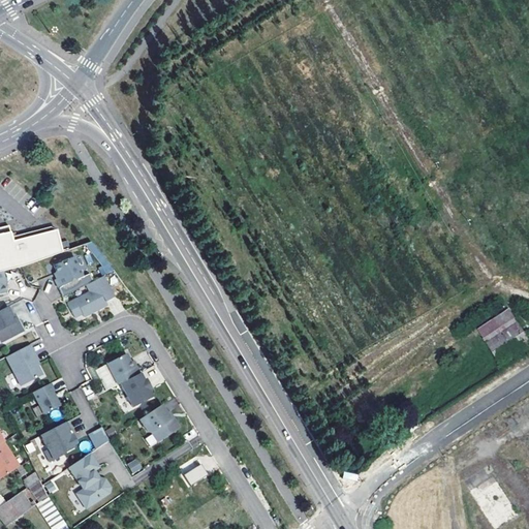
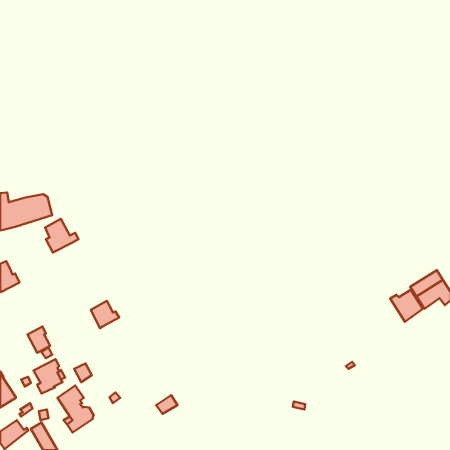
building: [67,276,114,316] -> none
building: none -> [390,290,423,322]
building: [6,343,42,385] -> none
building: [121,372,153,406] -> none
building: [138,405,177,442] -> none

